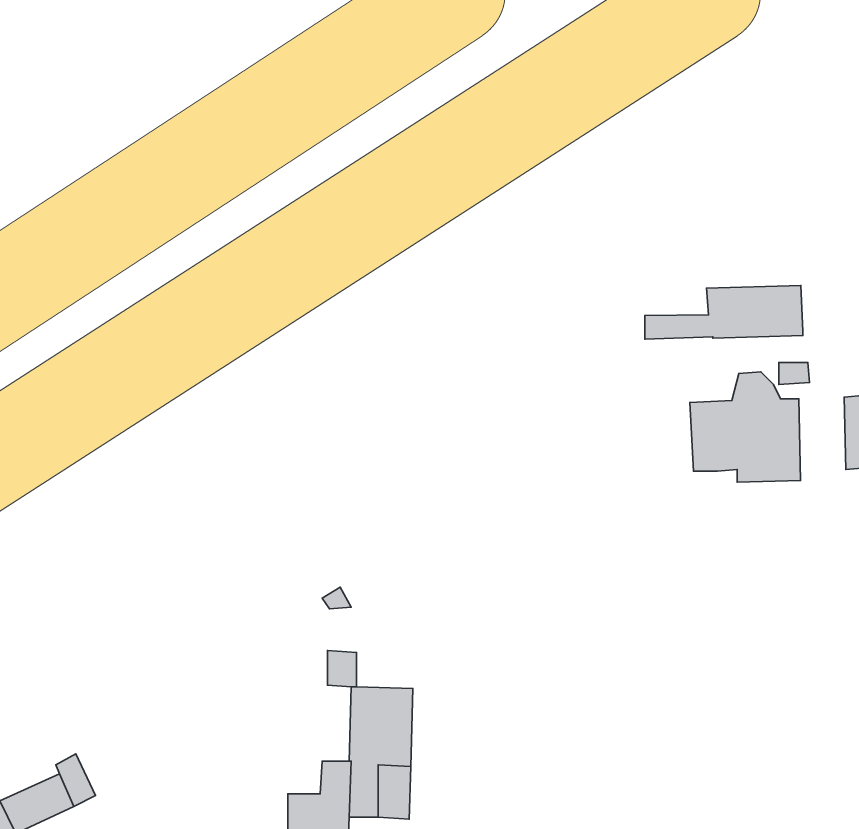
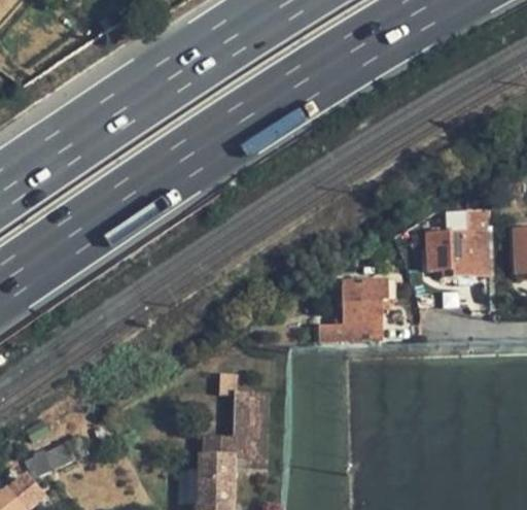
building: [645,285,803,339] -> none
building: none -> [318,277,388,340]

